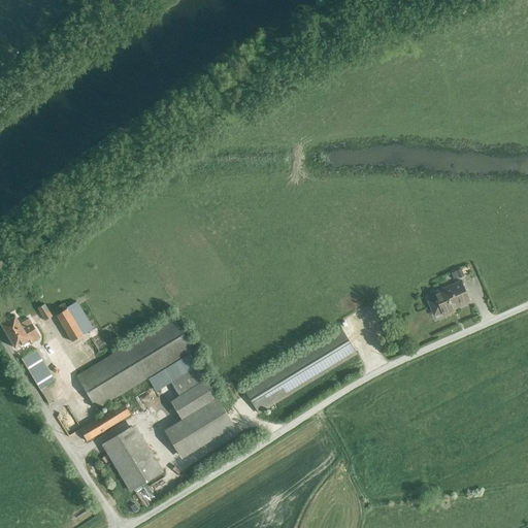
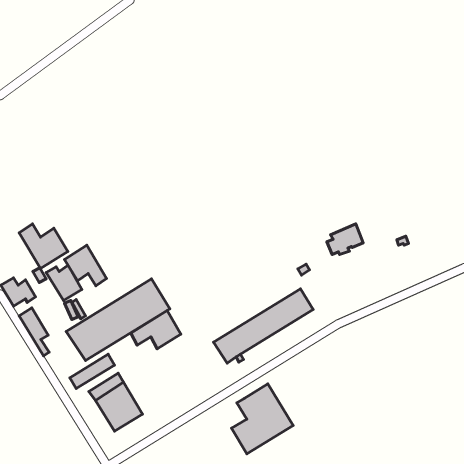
building: none -> [19,224,68,269]
building: none -> [65,245,107,286]
building: [428,279,469,315] -> [327,224,363,255]
building: [164,380,234,459] -> [231,384,293,454]

